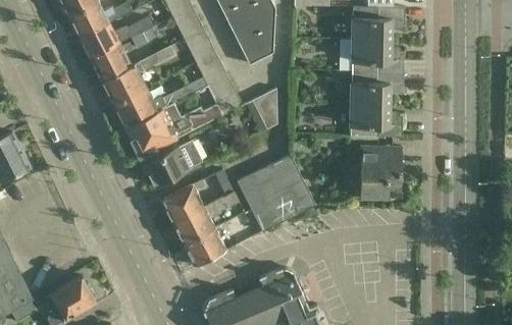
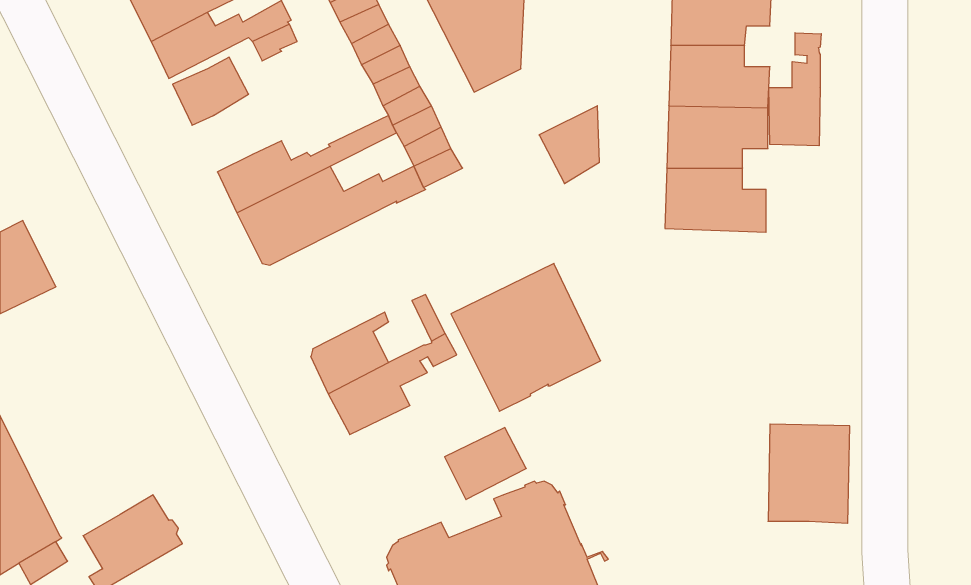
building: none -> [769,33,821,146]
building: [101,45,174,102] -> none
building: [246,88,277,128] -> [539,106,599,184]
building: [142,140,202,185] -> none
building: [359,146,402,198] -> [768,424,850,523]
building: [184,228,226,266] -> [445,428,526,500]

